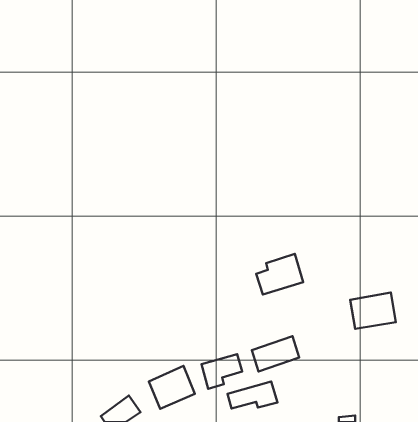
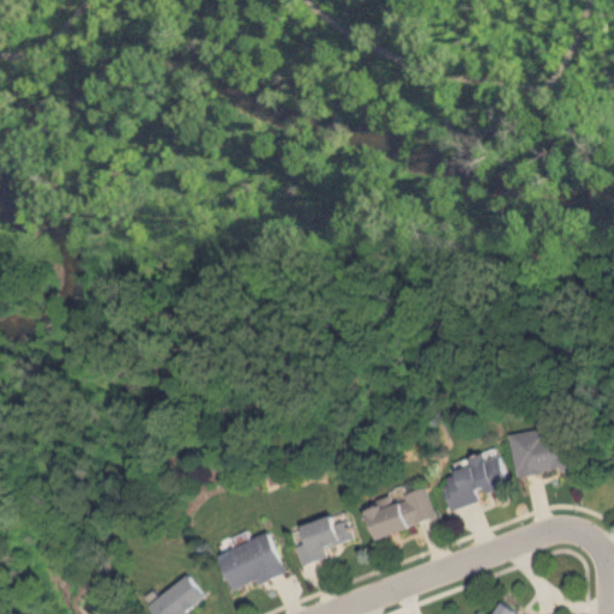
building: [256,254,303,294] -> [439,450,507,508]
building: [227,381,277,409] -> none

